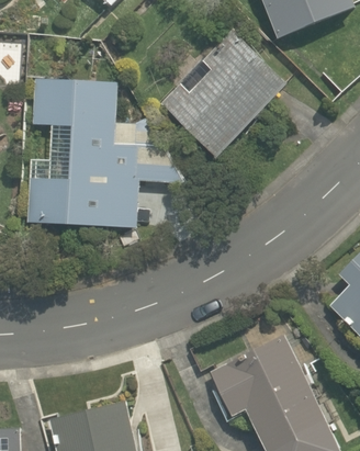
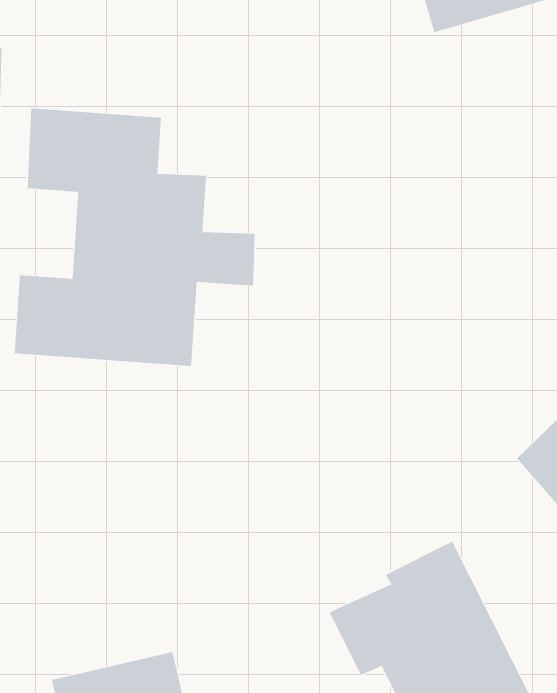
building: [150,30,279,161] -> none

